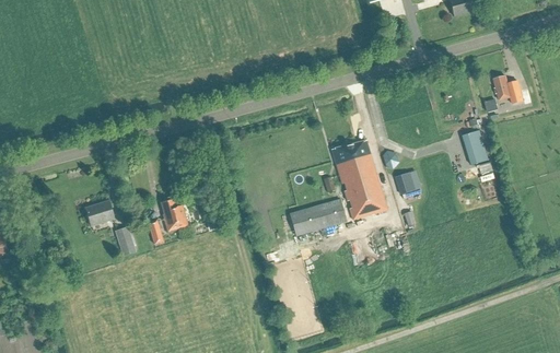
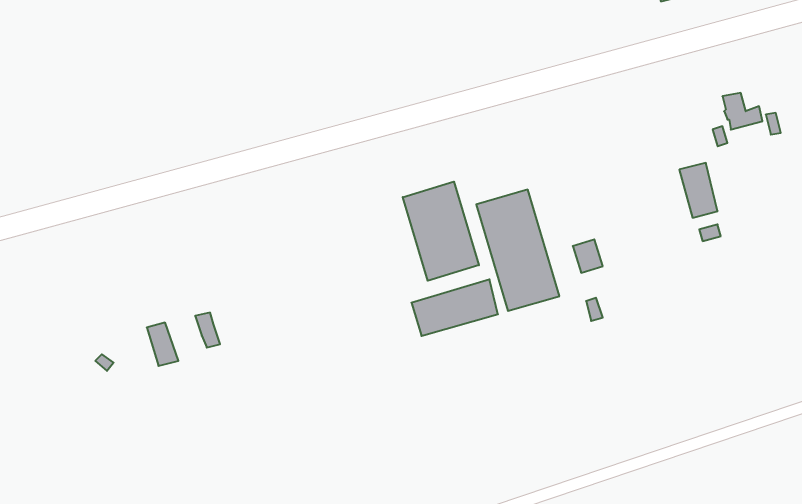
building: none -> [403,182,479,281]
building: [161,197,187,231] -> none
building: [85,200,114,225] -> none

